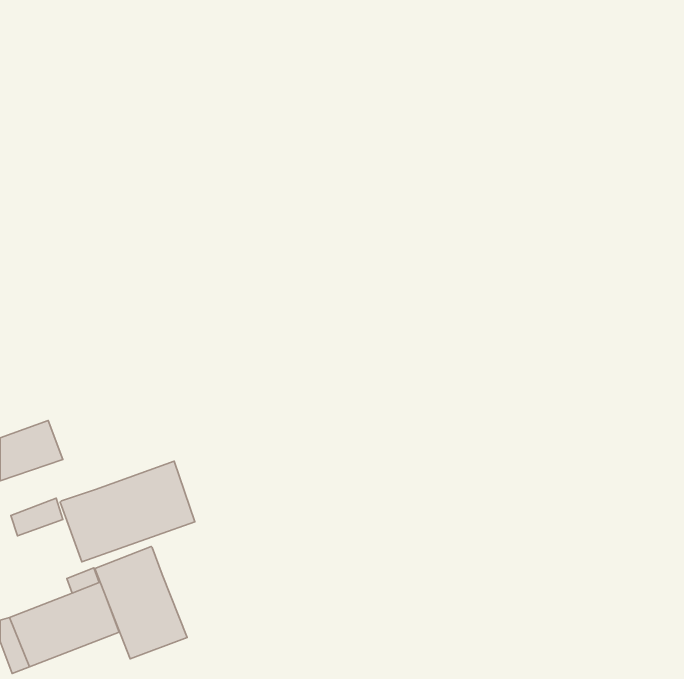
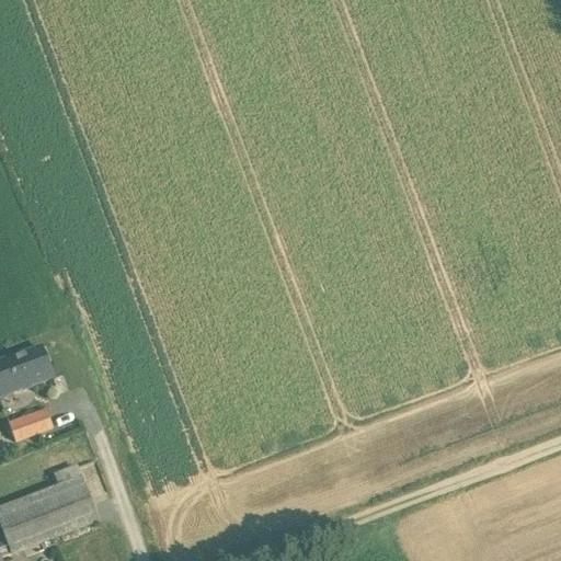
building: [60,461,195,562] -> none
building: [95,546,187,659] -> none

